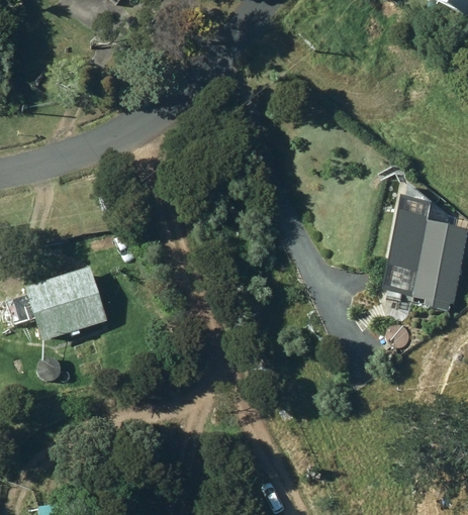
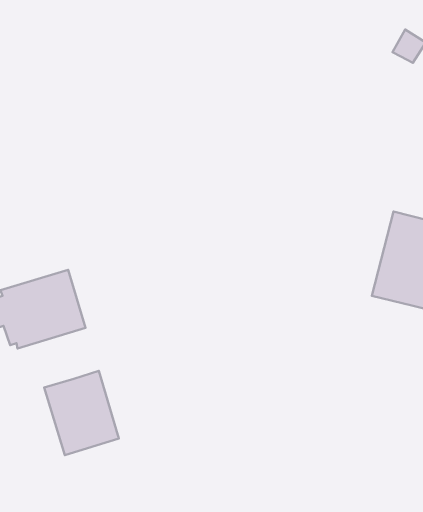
building: none -> [44,371,119,455]

